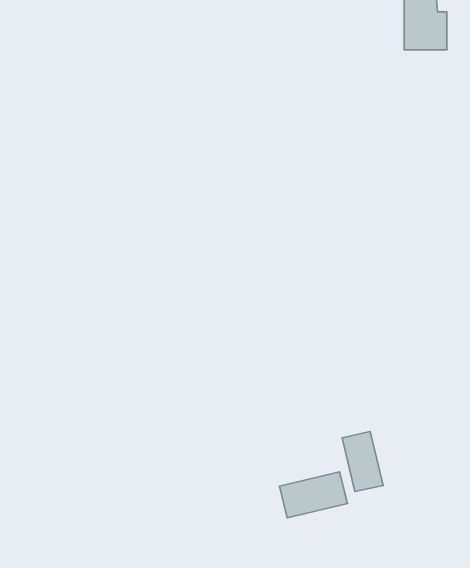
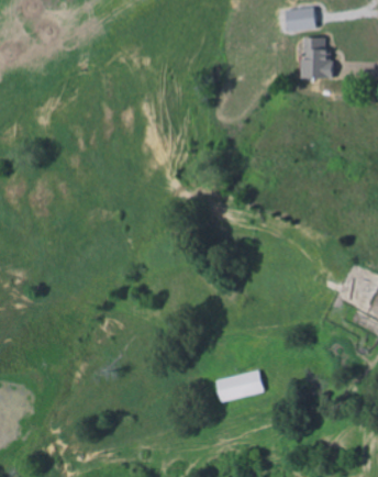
building: [342,431,383,492] -> none

